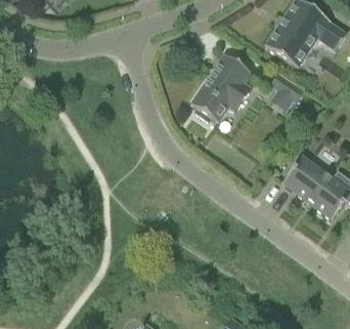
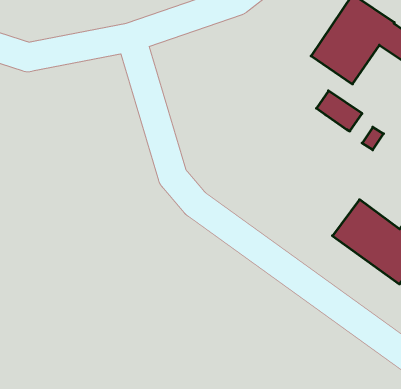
building: [190,54,251,122] -> none

